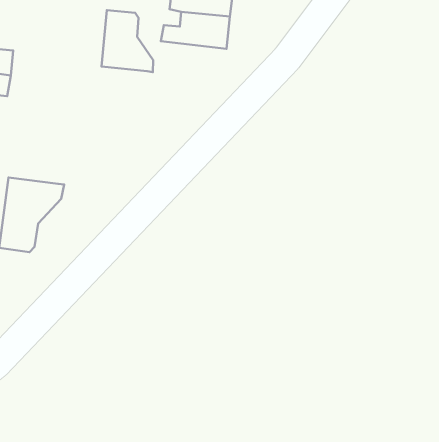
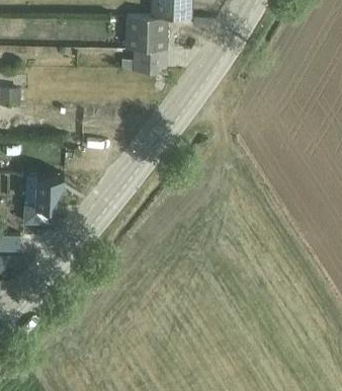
building: [101,10,153,72] -> none

